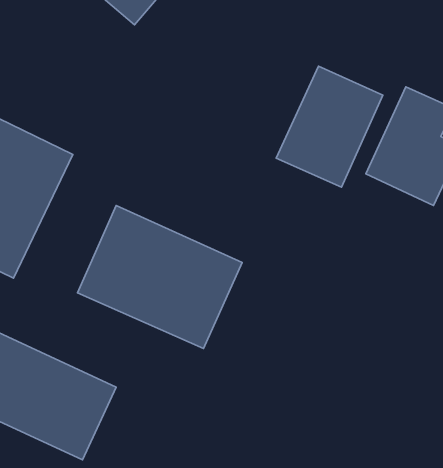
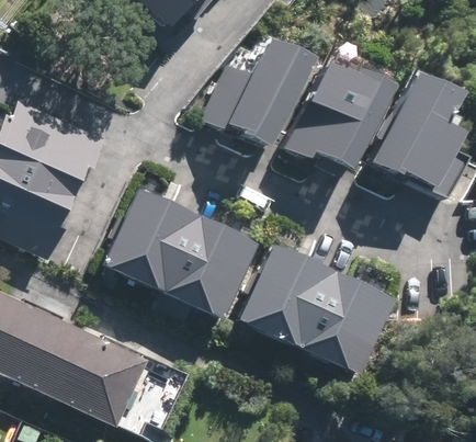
building: none -> [215,43,301,147]
building: none -> [243,245,393,374]

